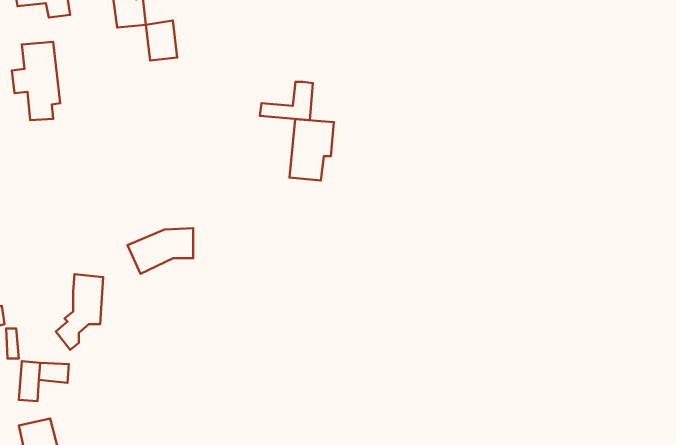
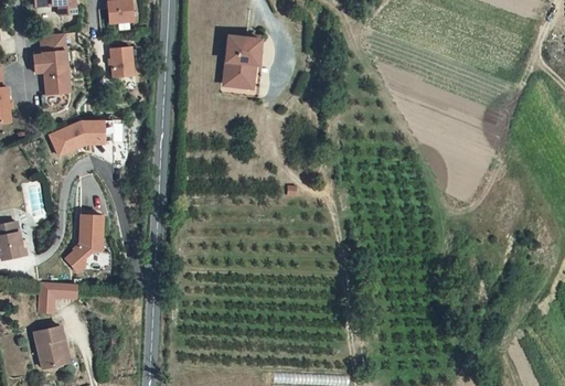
building: [146,20,177,60] -> [109,46,134,77]
building: [289,119,334,181] -> [224,36,258,84]
building: [127,228,193,274] -> [49,121,99,157]

